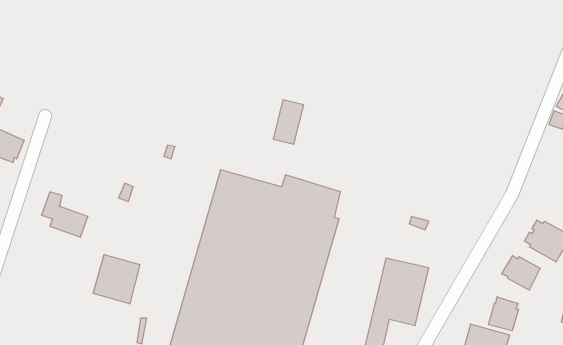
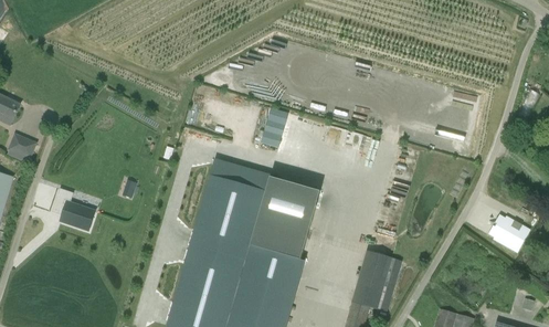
building: [93,254,140,304] -> none
building: [502,255,540,290] -> none
building: [488,297,518,331] -> none

